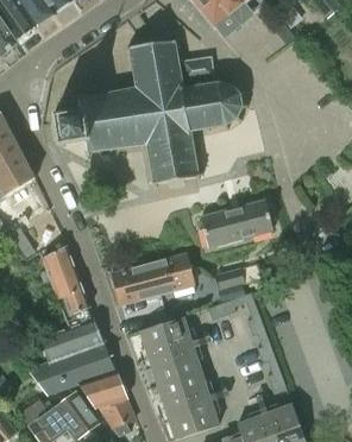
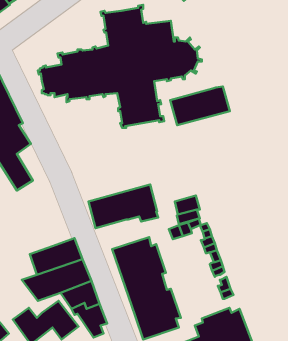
building: [200,200,271,246] -> [170,86,230,125]
building: [40,245,94,327] -> none

